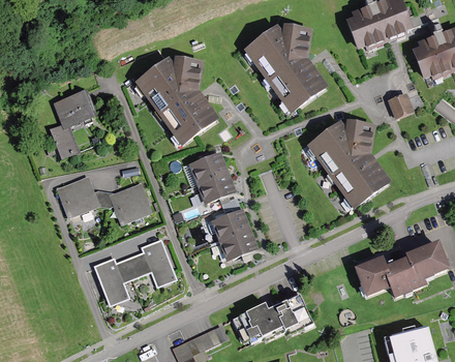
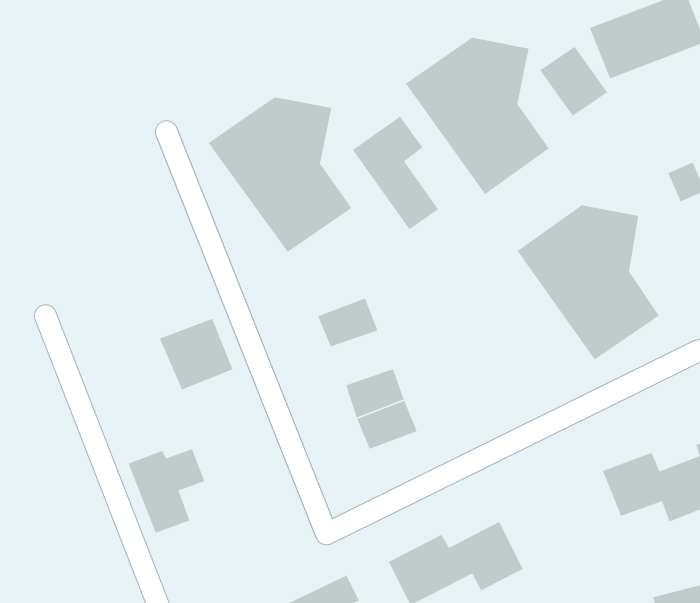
building: none -> [539,46,608,117]
building: none -> [352,115,439,230]
building: [51,91,93,159] -> none
building: [190,152,224,181] -> none
building: [58,177,99,217] -> none
building: [128,237,174,283] -> none

